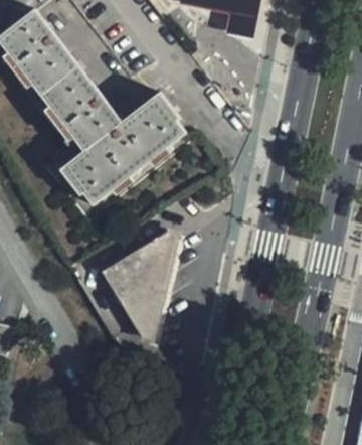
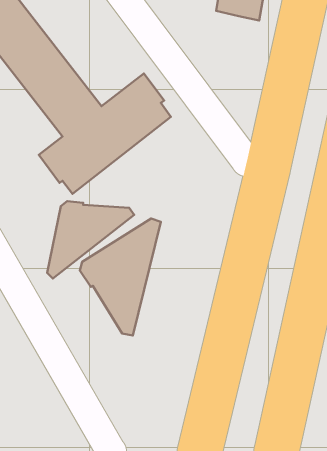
building: none -> [47,201,134,279]

